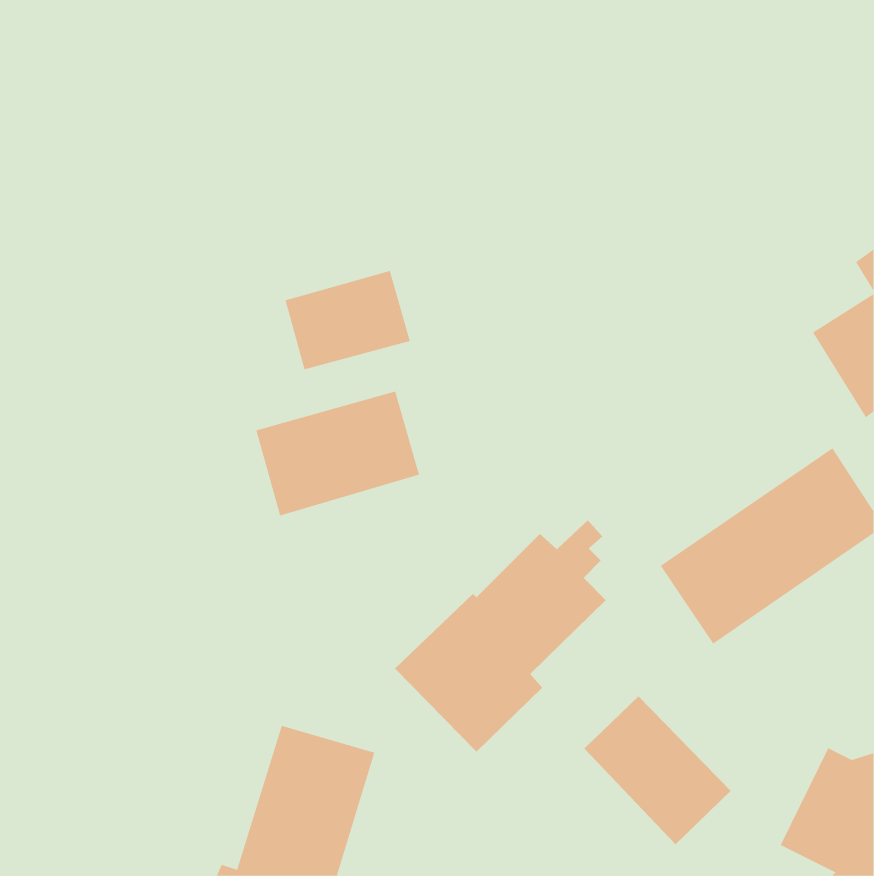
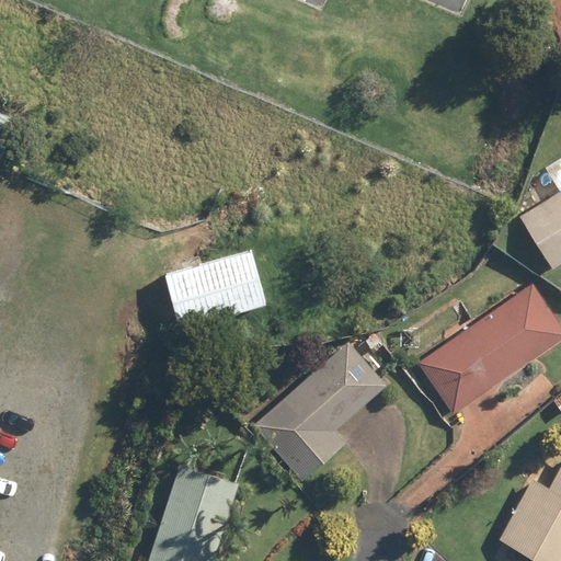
building: [285,270,410,370] -> none
building: [583,695,731,845] -> none

